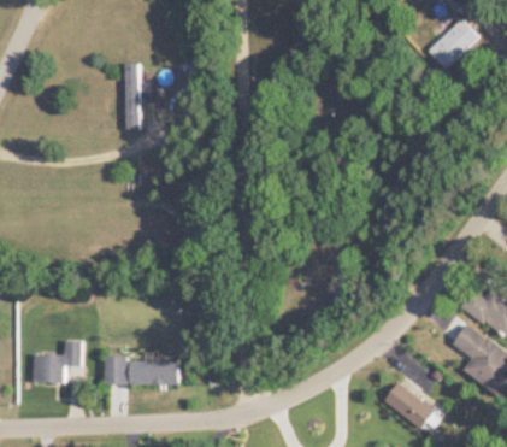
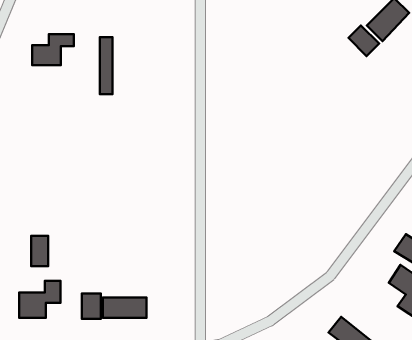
building: none -> [349,26,379,56]
building: none -> [32,34,74,65]
building: none -> [31,236,48,266]

